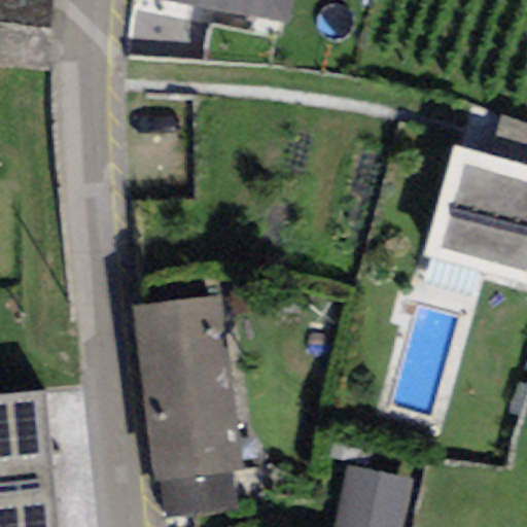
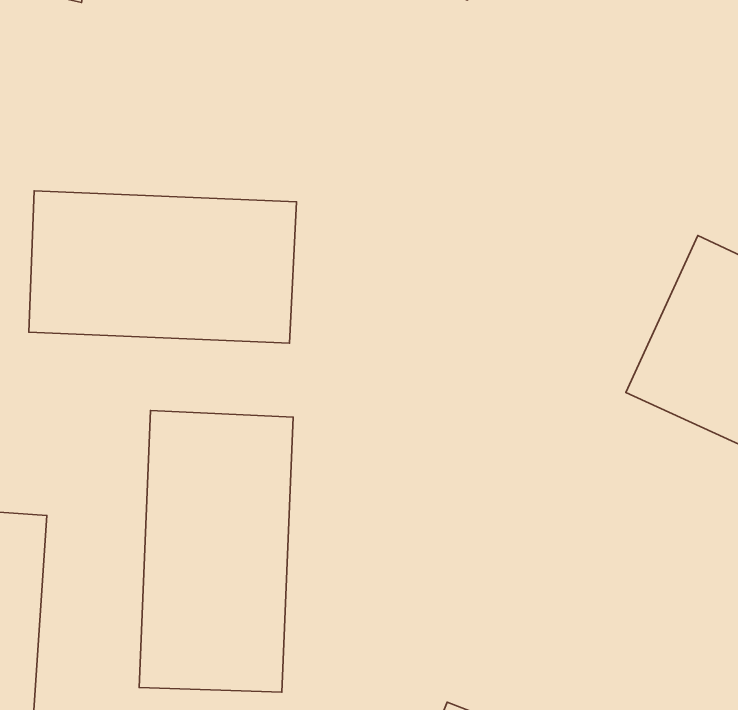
building: none -> [29,191,296,343]

